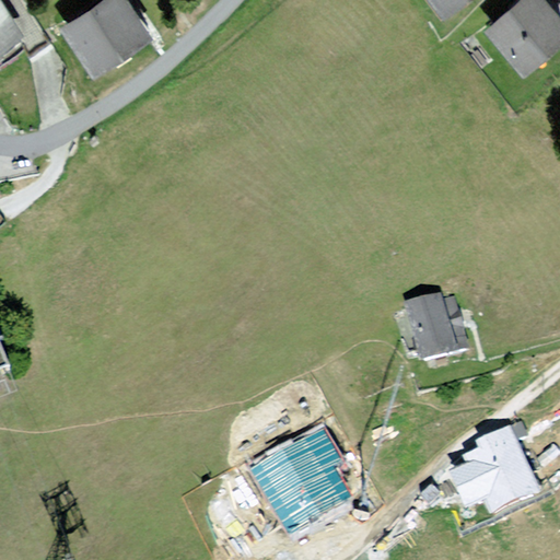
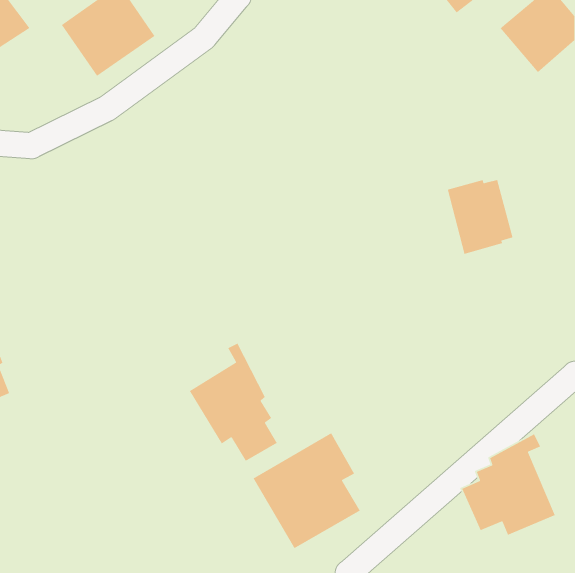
building: [402,293,467,366] -> [447,179,514,255]
building: none -> [189,343,278,462]

